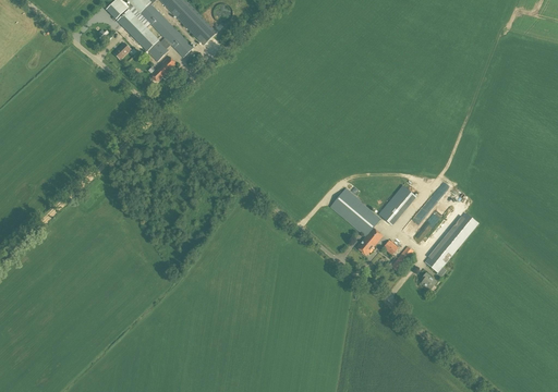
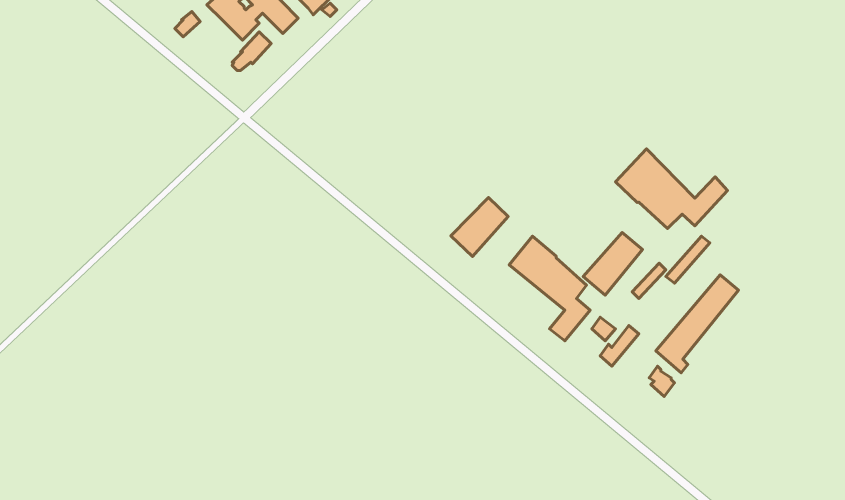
building: none -> [615,149,728,228]
building: none -> [451,198,508,256]

